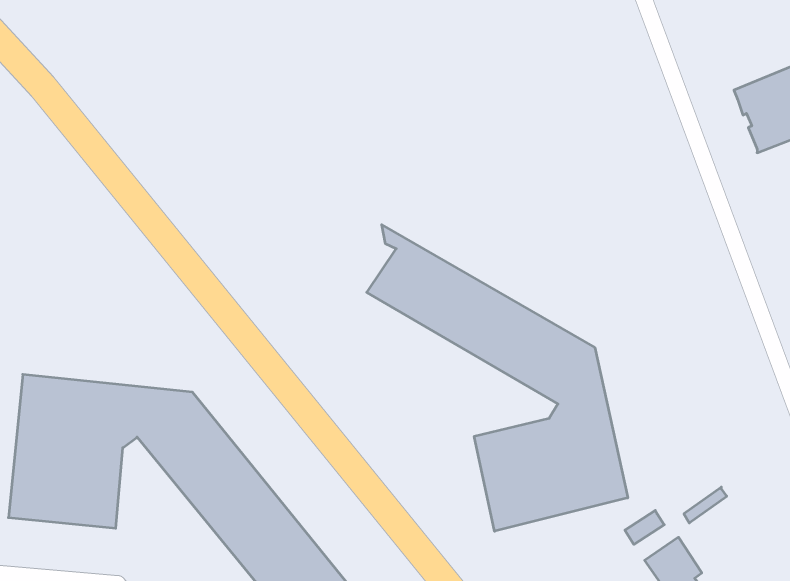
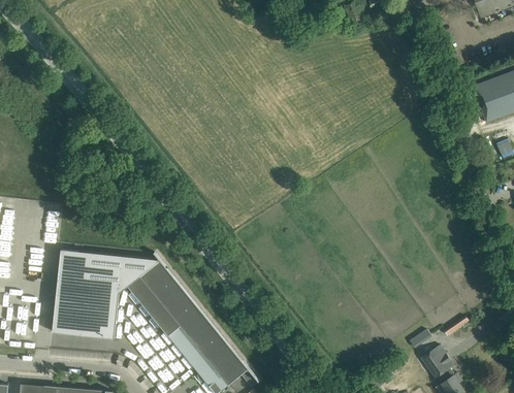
building: [367,225,628,531] -> none

